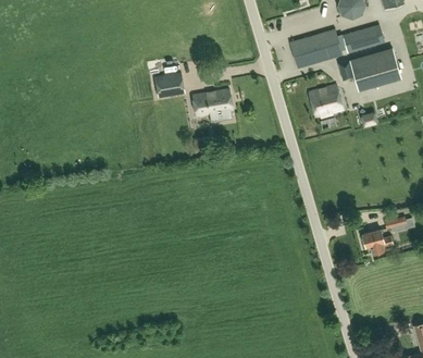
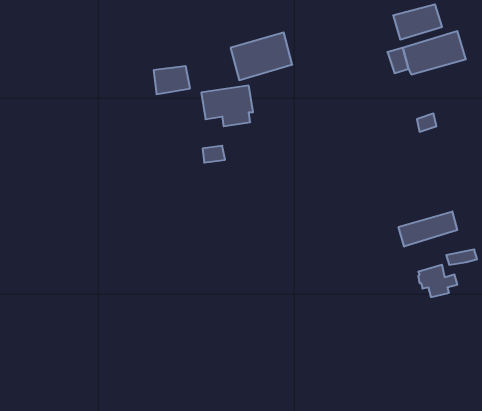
building: [294,30,341,67] -> [231,32,292,80]
building: [307,87,341,120] -> none
building: none -> [399,211,457,247]

